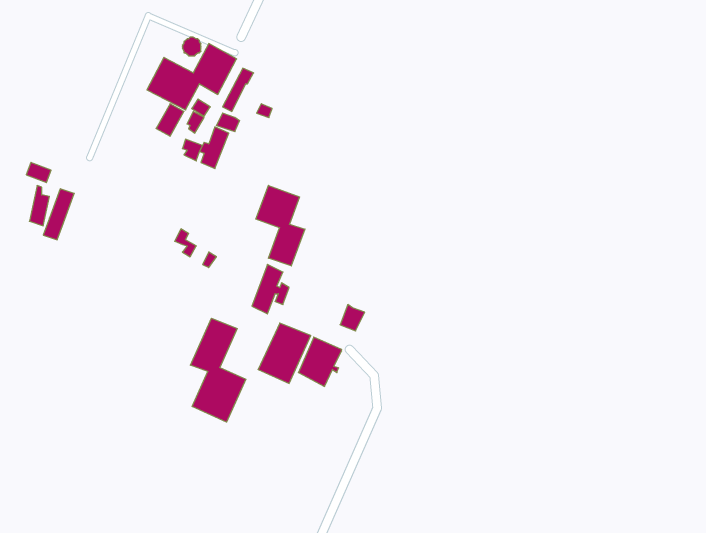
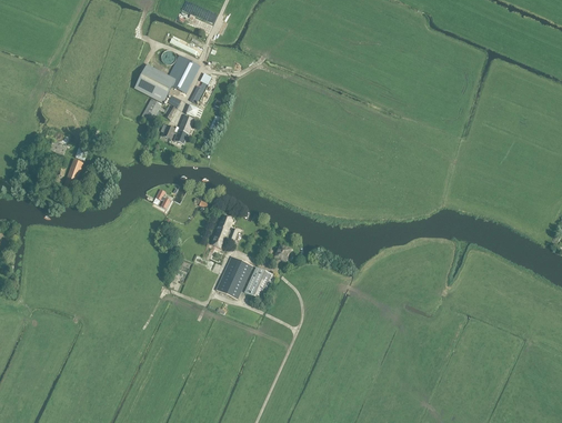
building: [256,185,305,266] -> none
building: [190,318,246,422] -> none

